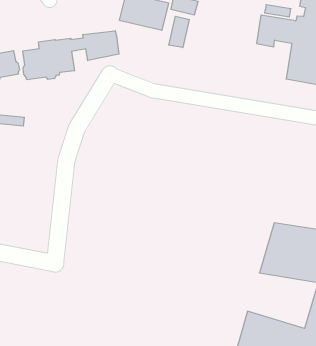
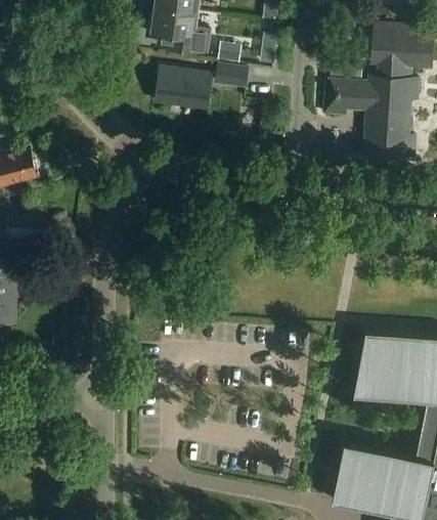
building: [169,16,189,48] -> none
building: [23,31,119,80] -> none

